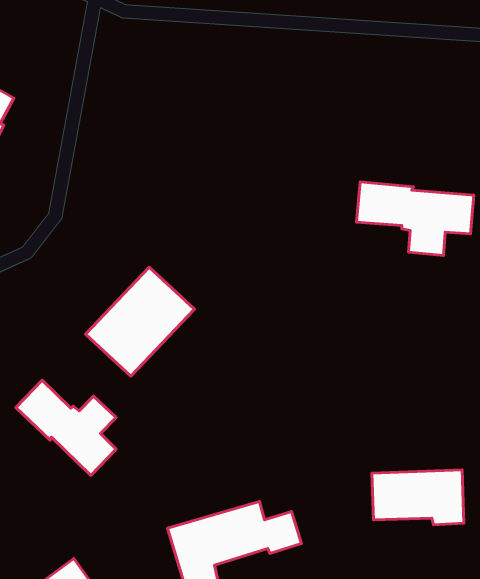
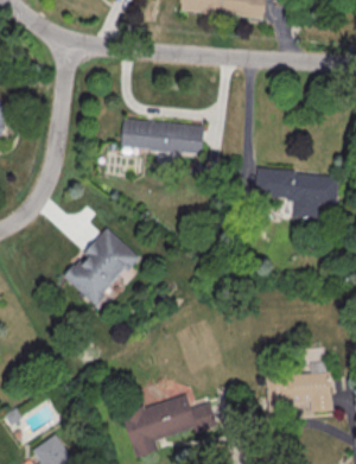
building: none -> [121,119,204,154]
building: [16,380,116,476] -> none

